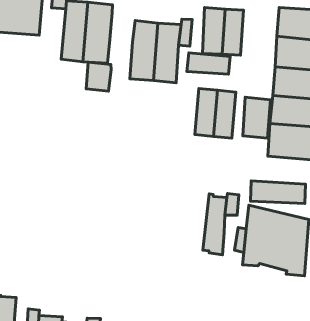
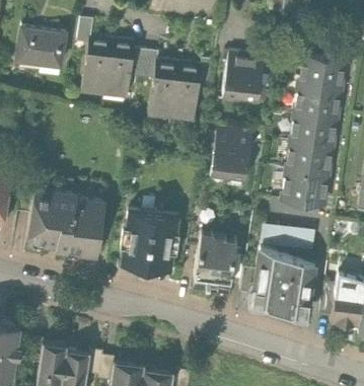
building: [187,53,230,74] -> none
building: [86,62,111,91] -> [132,50,158,80]
building: [243,97,271,138] -> none
building: none -> [25,186,104,257]
building: none -> [119,211,181,276]
building: none -> [193,232,220,292]

